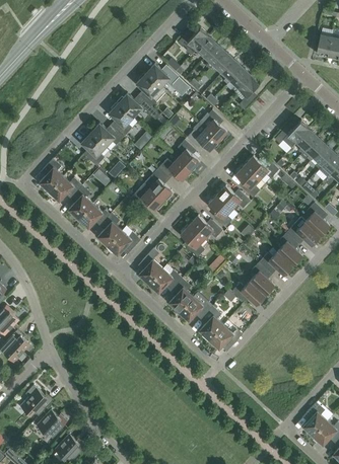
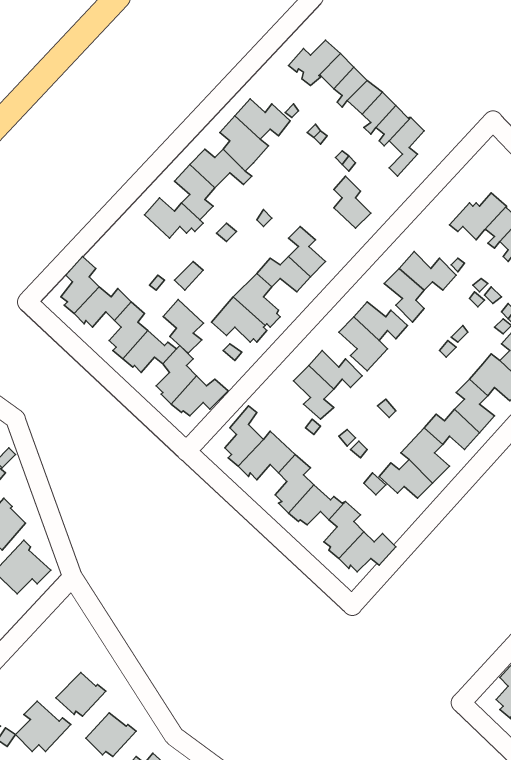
building: [187,123,218,150] -> none
building: [81,133,106,165] -> [163,300,203,353]
building: [20,385,54,415] -> [16,701,71,751]

